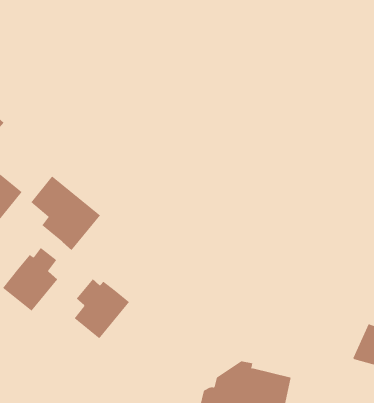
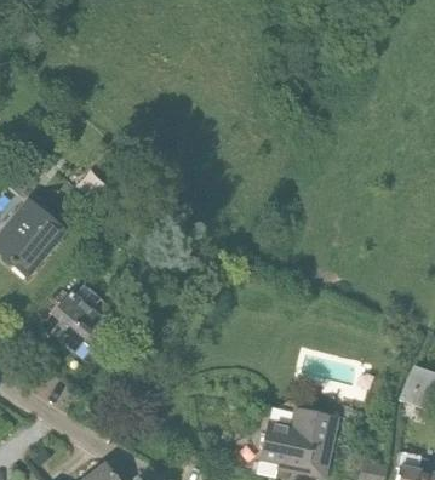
building: [30,175,101,251] -> none
building: [74,278,130,339] -> none

